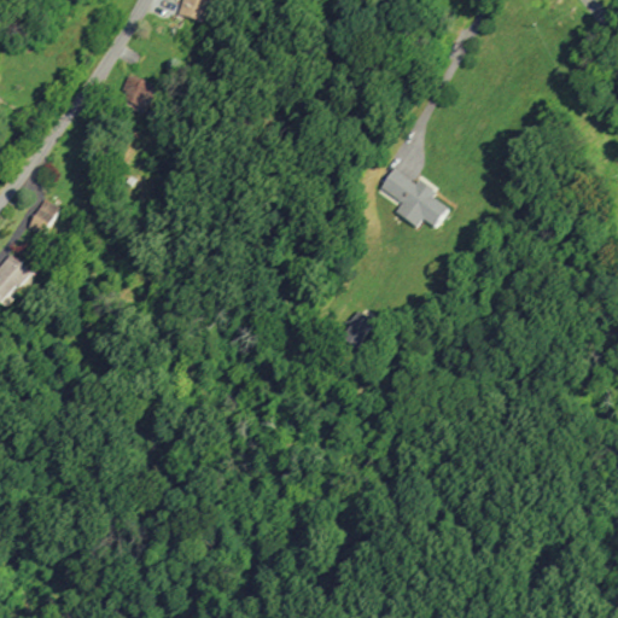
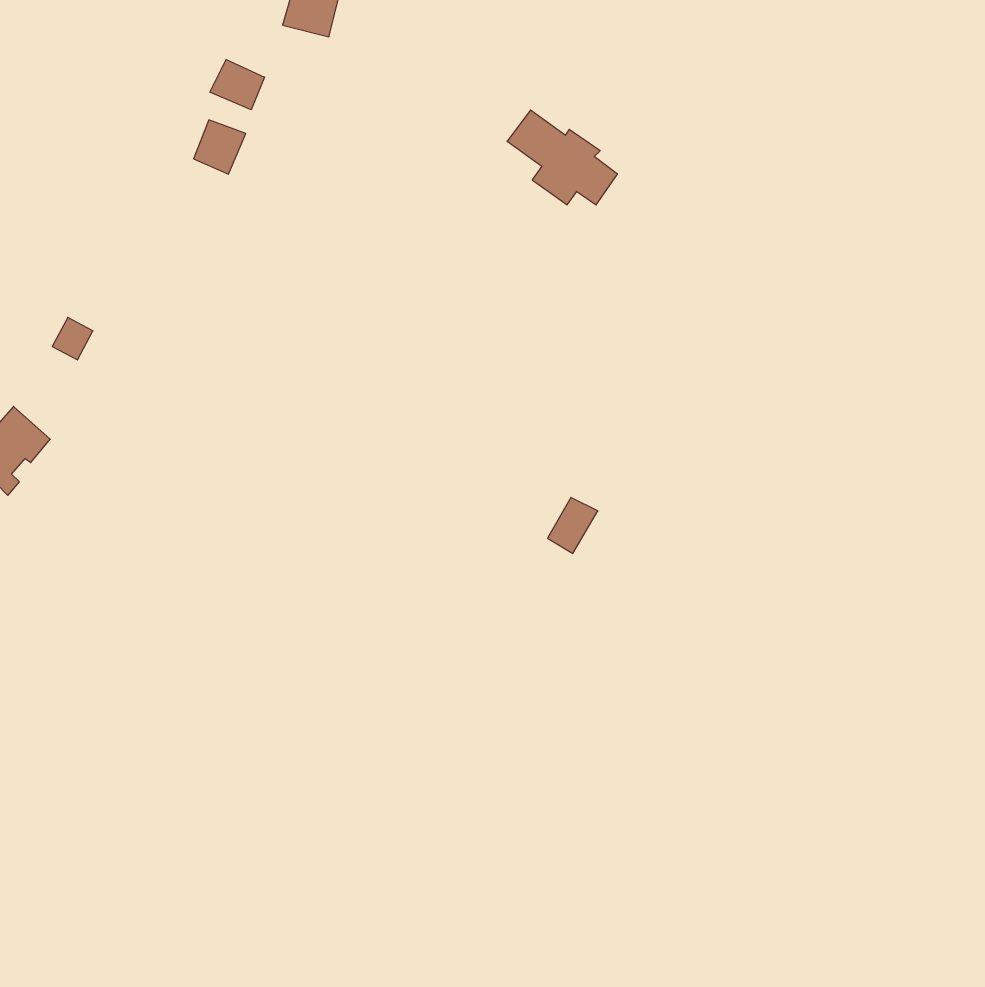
building: none -> [210,59,265,110]
building: [379,168,448,227] -> [507,110,617,205]

